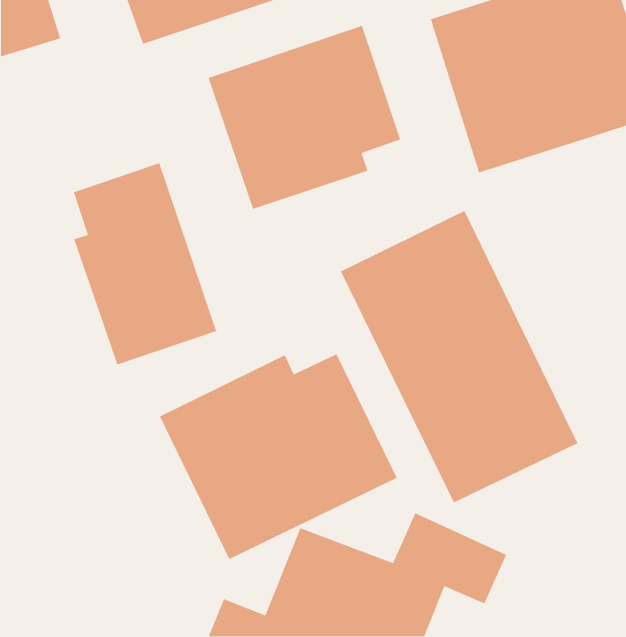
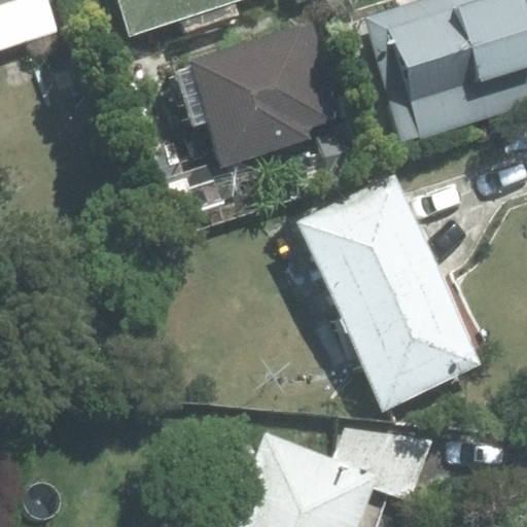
building: [73,162,217,366] -> none
building: [159,353,398,560] -> none

